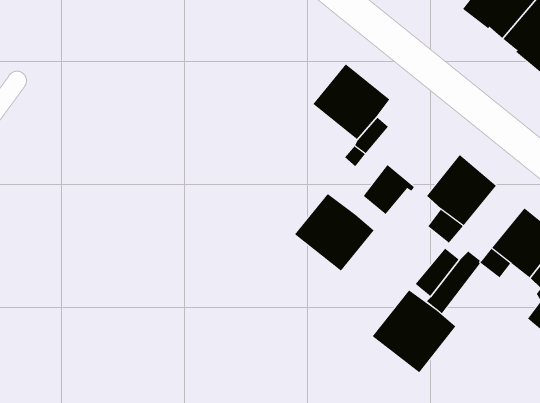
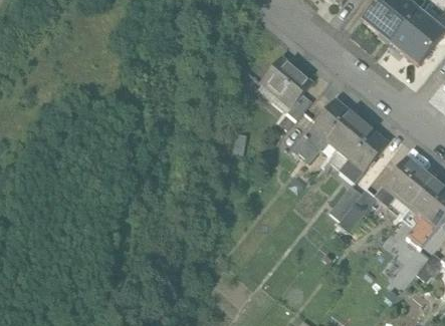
building: none -> [310,98,361,148]
building: [294,193,374,272] -> none
building: [372,289,456,373] -> none

